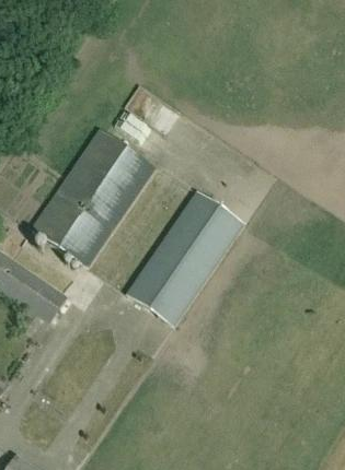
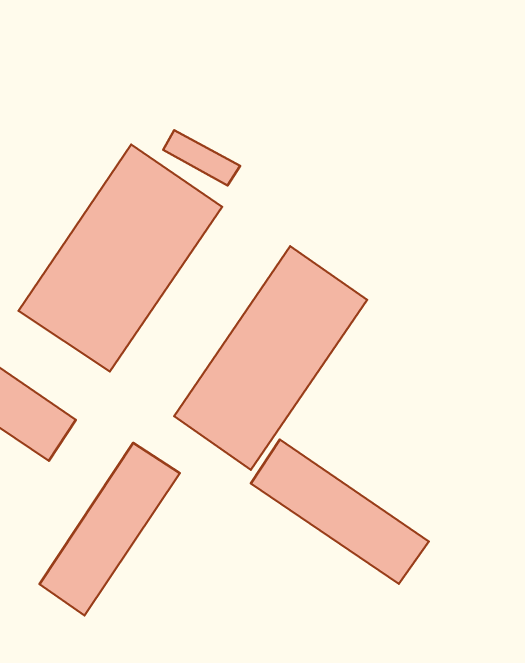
building: none -> [251,439,429,584]
building: none -> [40,443,180,615]

